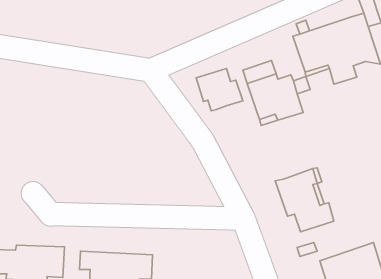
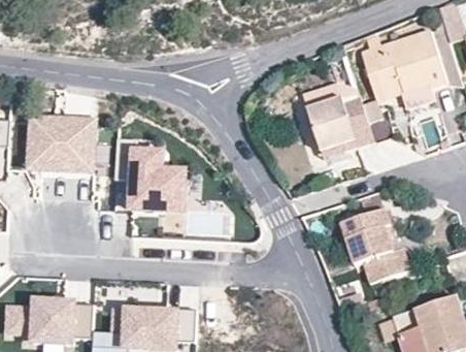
building: [196,69,243,111] -> none
building: none -> [25,115,92,169]
building: none -> [125,143,185,207]

